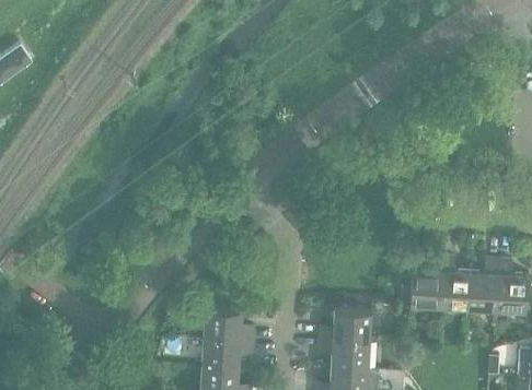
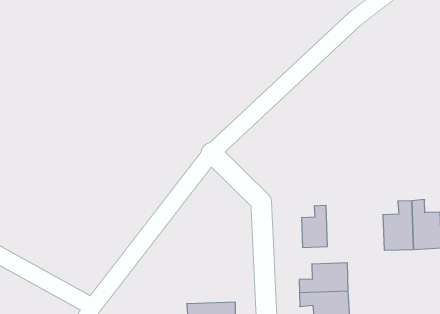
building: none -> [302,205,327,248]
building: [205,308,255,341] -> none

